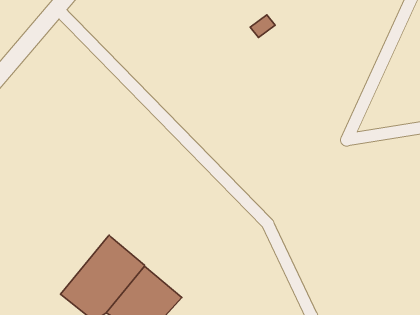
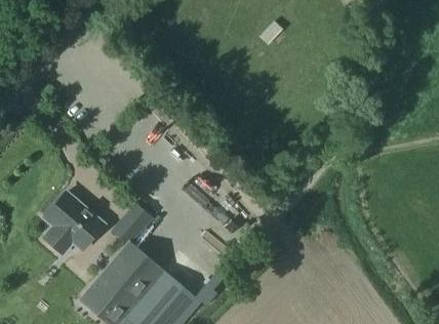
building: none -> [43,192,103,254]
building: none -> [113,203,152,243]

